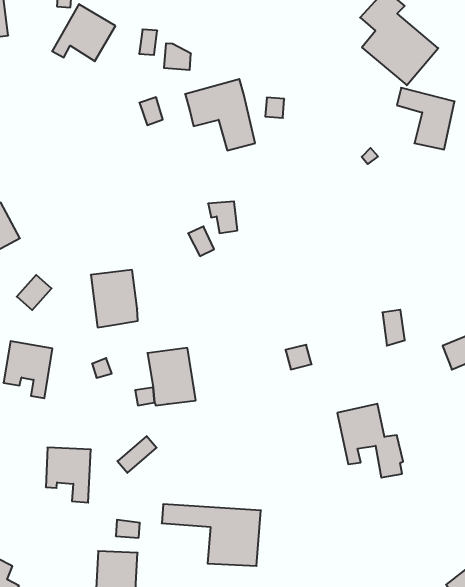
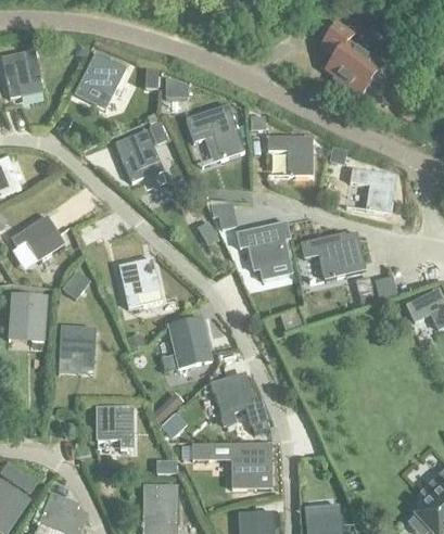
building: [397,88,455,150] -> [350,167,395,214]
building: none -> [117,132,160,183]
building: none -> [267,136,312,176]
building: none -> [238,221,289,269]
building: none -> [301,231,365,278]
building: [337,404,403,478] -> [213,374,268,433]

